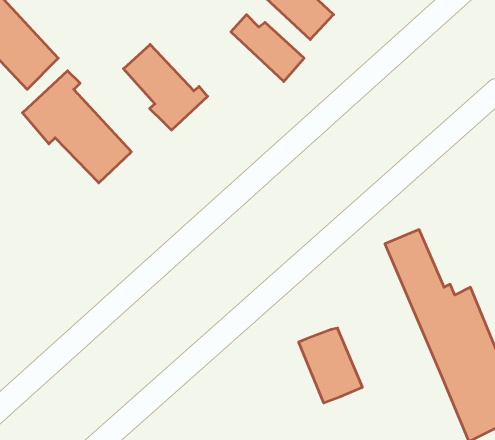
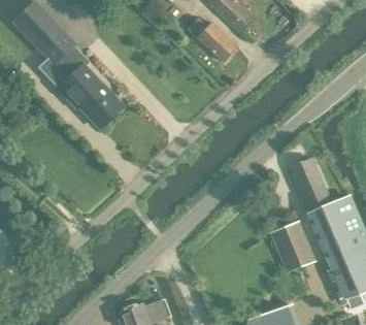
building: [123,44,208,130] -> none
building: [299,328,362,403] -> [271,222,313,271]

